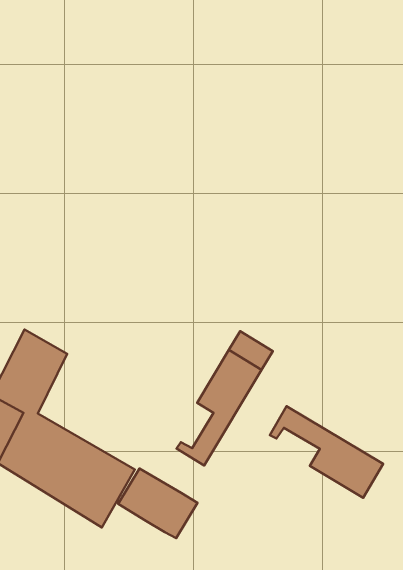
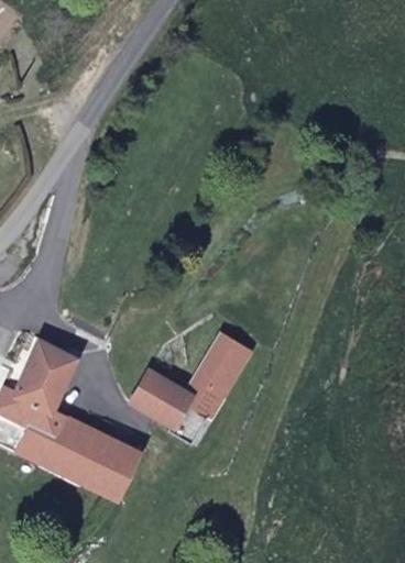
building: [270,406,383,498] -> none
building: [118,468,198,538] -> [138,375,205,432]

